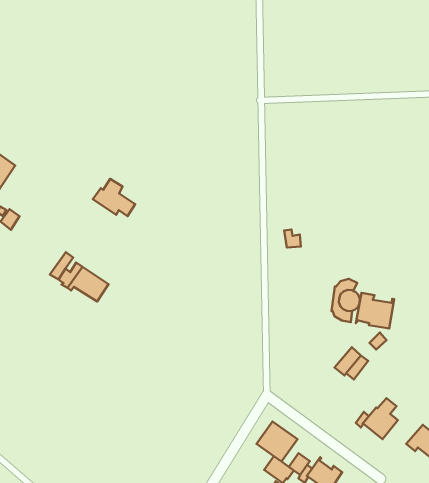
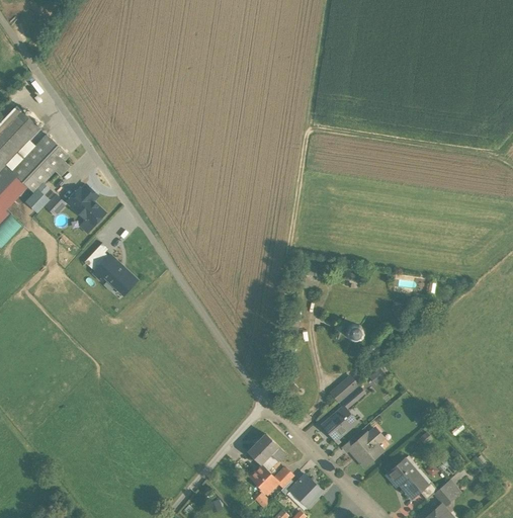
building: [93,179,135,216] -> [66,185,104,223]
building: [356,293,394,329] -> none
building: none -> [326,407,355,440]

